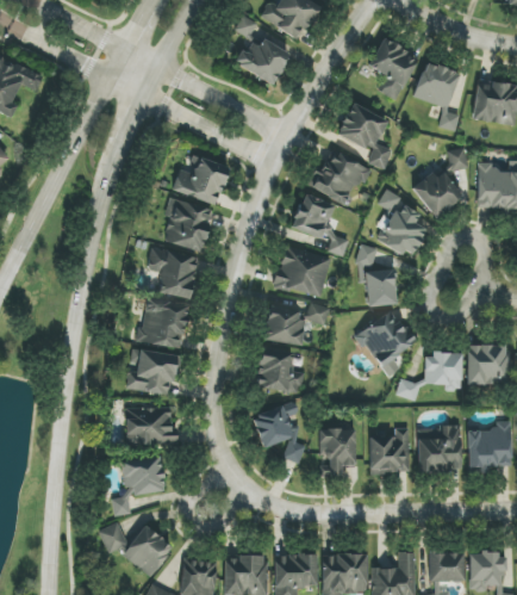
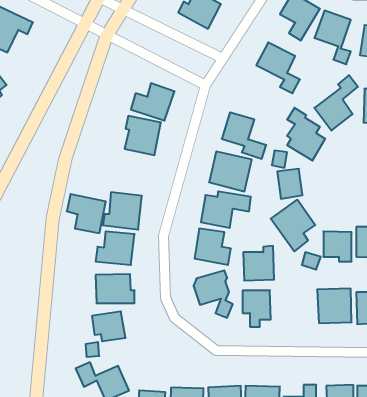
building: [309,147,368,205] -> none
building: [148,247,199,298] -> [67,194,106,233]
building: [369,428,410,473] -> [243,246,274,280]

